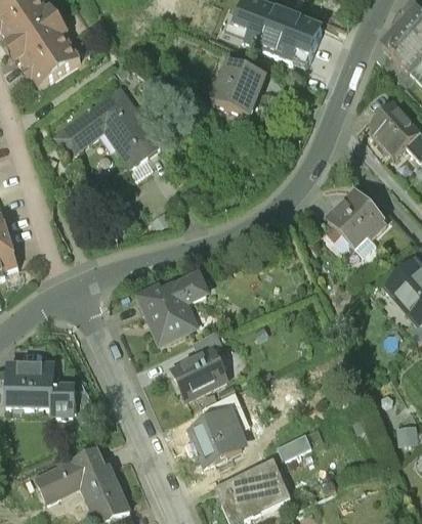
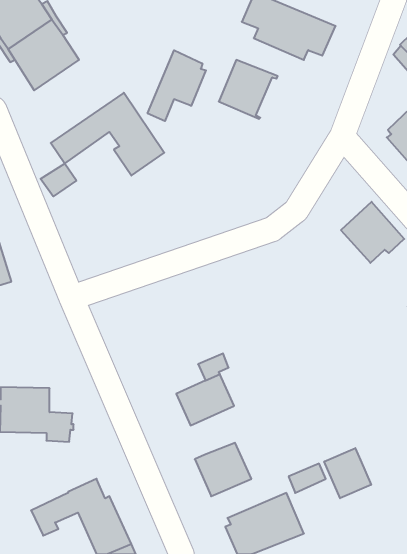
building: none -> [148,50,206,121]
building: none -> [41,164,76,196]
building: [137,274,205,340] -> none
building: [192,397,235,427] -> none
building: none -> [324,448,371,498]

